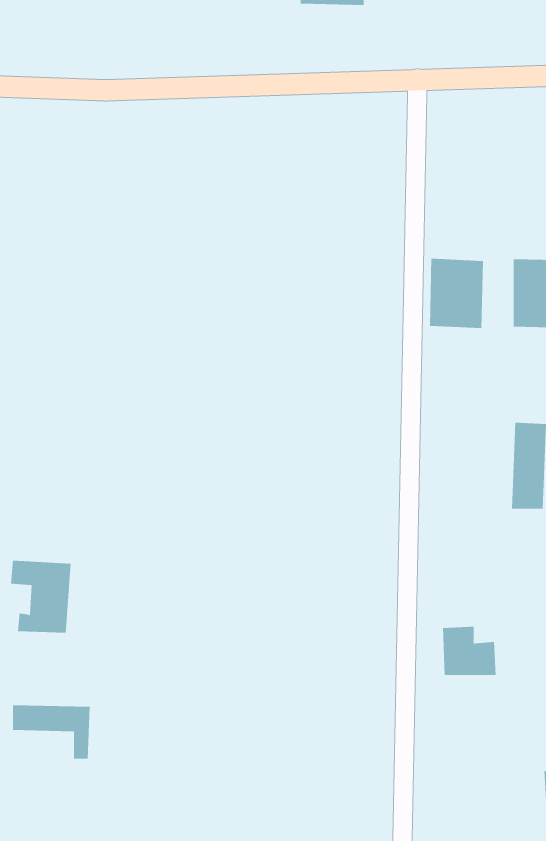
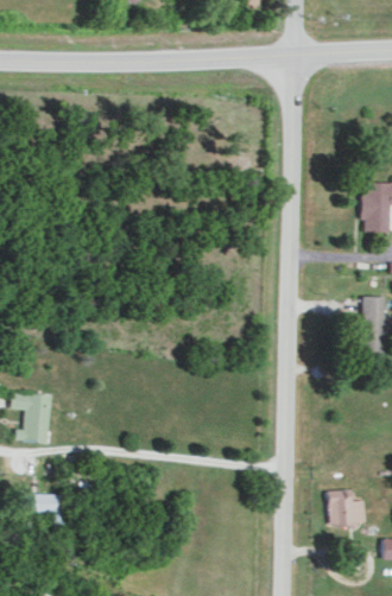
building: [429,258,483,329] -> none
building: [442,626,497,676] -> [328,489,366,524]

